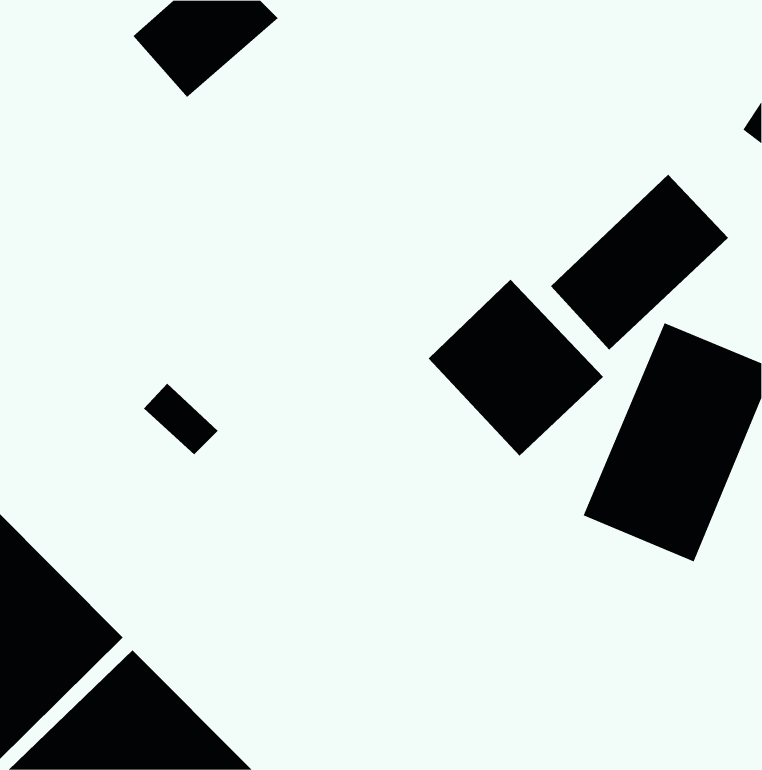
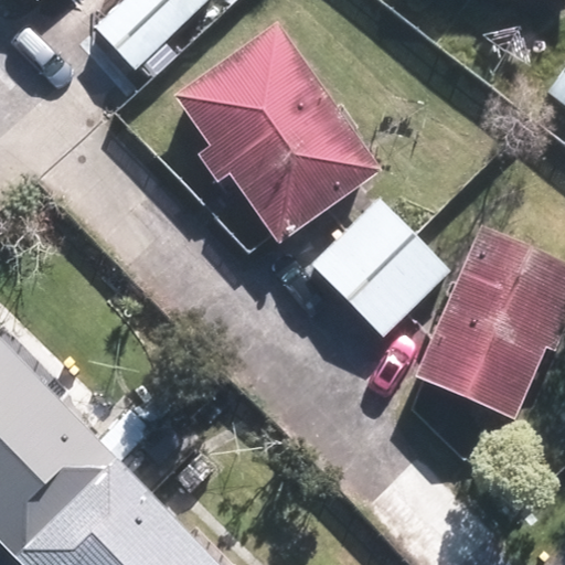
building: none -> [190,31,382,234]
building: [550,174,729,350] -> none

